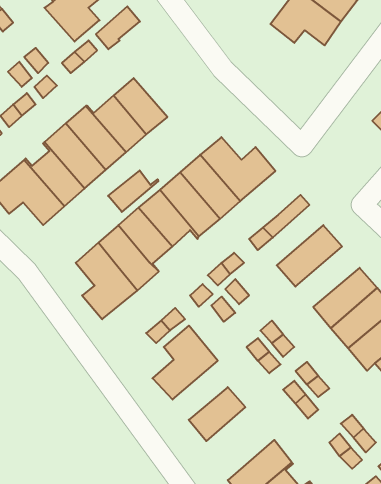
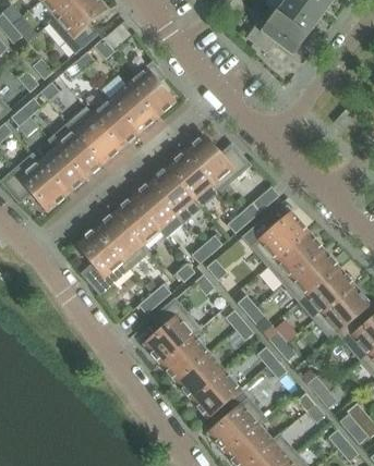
building: none -> [126,62,174,118]
building: [108,170,158,212] -> none
building: none -> [267,230,323,282]
building: none -> [160,329,208,380]
building: none -> [190,369,240,417]

